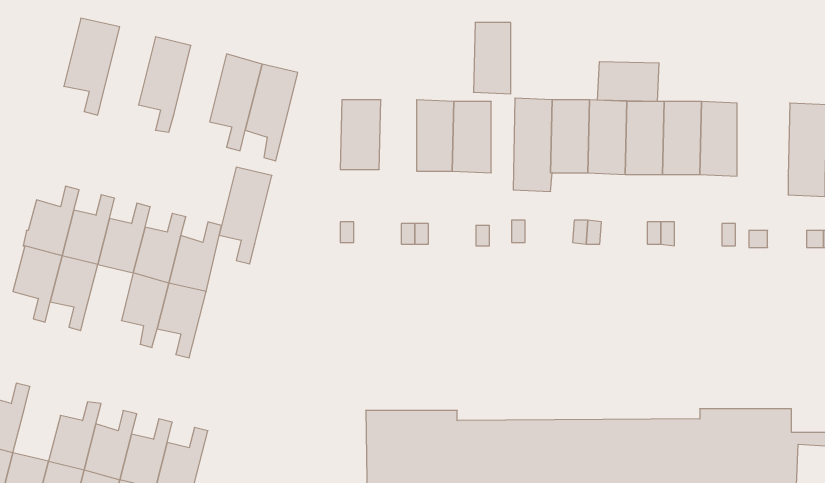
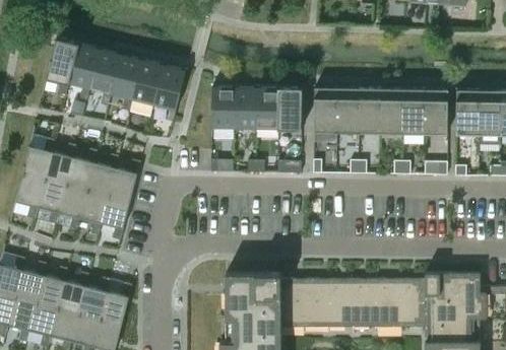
building: [473,23,511,94] -> [234,87,256,130]
building: none -> [68,44,100,101]
building: [598,62,659,101] -> none
building: none -> [456,89,480,133]
building: [219,167,272,264] -> [111,55,142,113]
building: none -> [58,186,86,230]
building: none -> [14,262,46,303]

